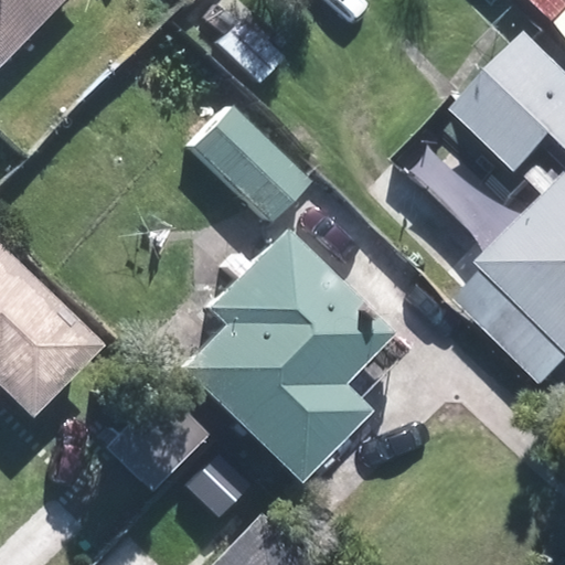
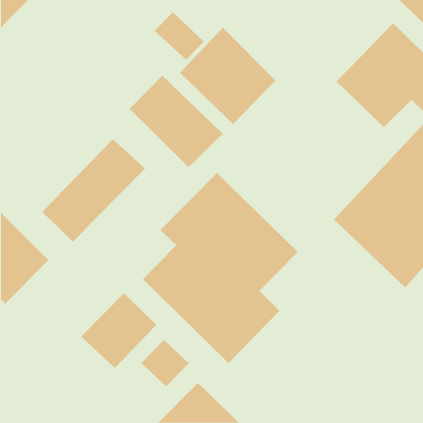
building: none -> [179,27,276,125]
building: none -> [42,138,146,242]

